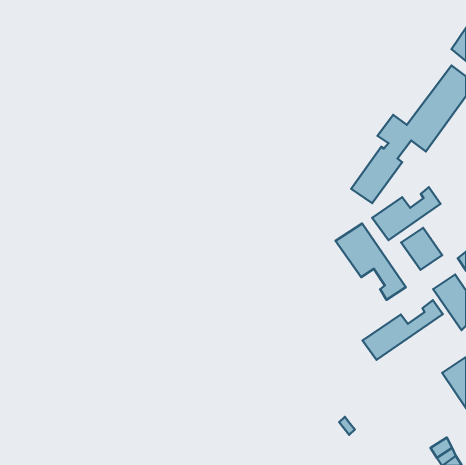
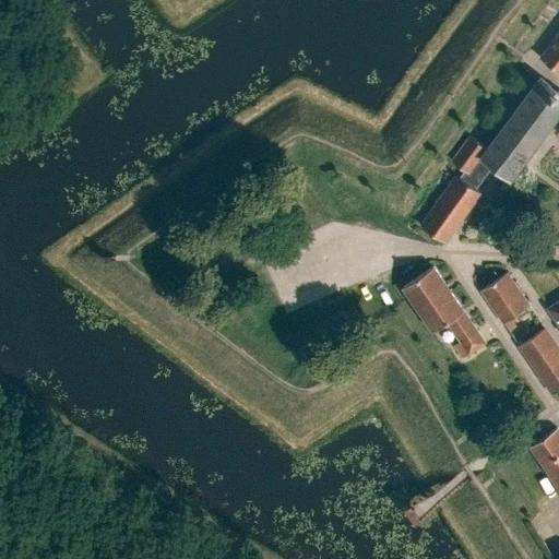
building: [372,187,441,240] -> none
building: [363,300,443,360] -> none

